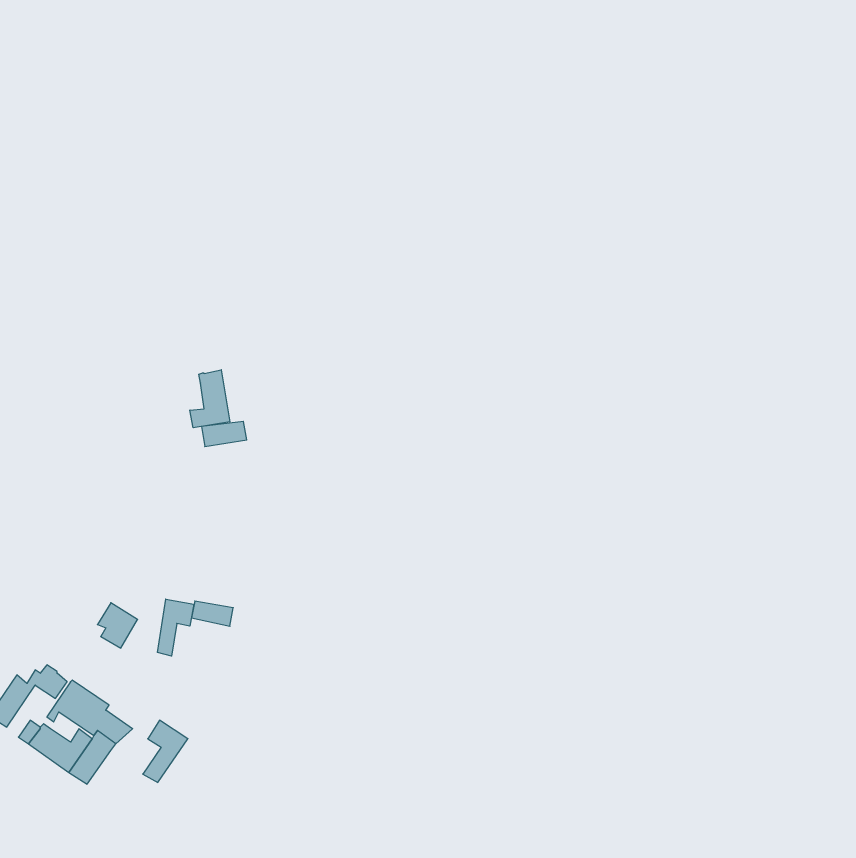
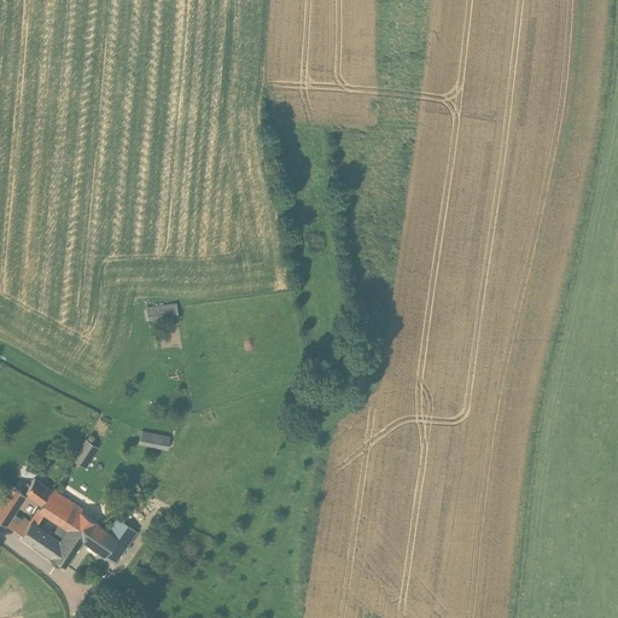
building: [190,370,230,428] -> none
building: [158,599,194,656] -> none
building: none -> [80,524,116,556]

